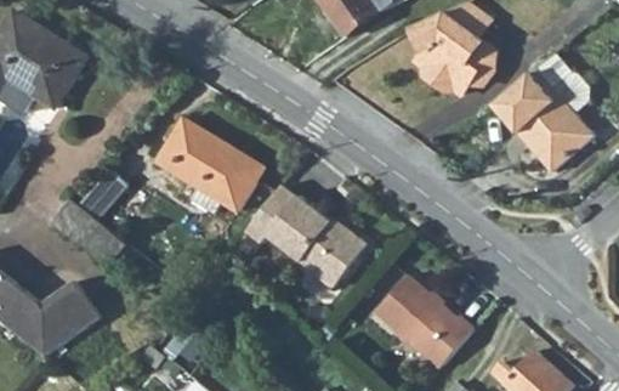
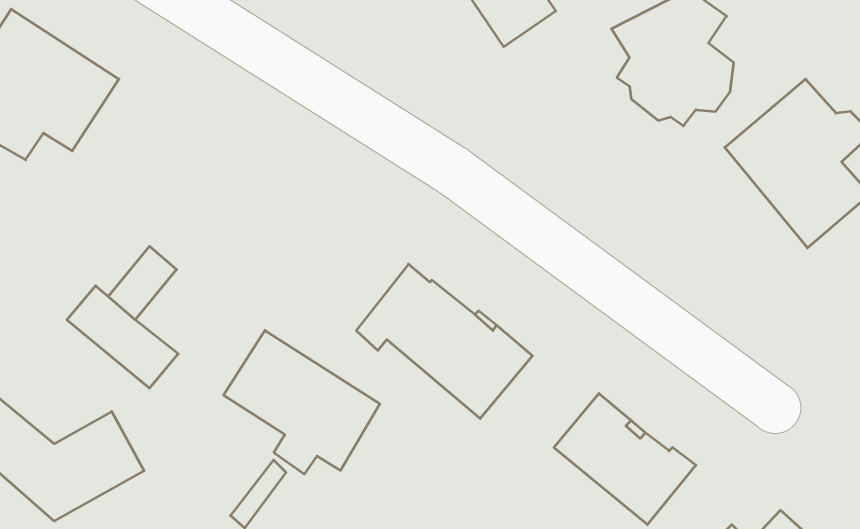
building: [155,118,261,215] -> [224,330,380,474]

